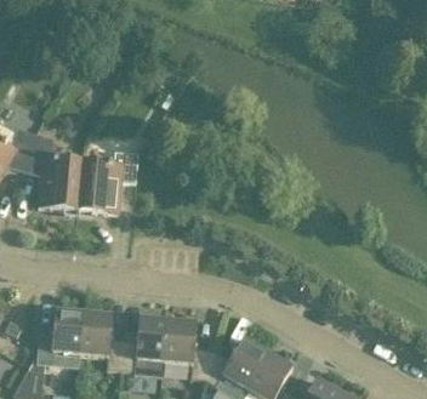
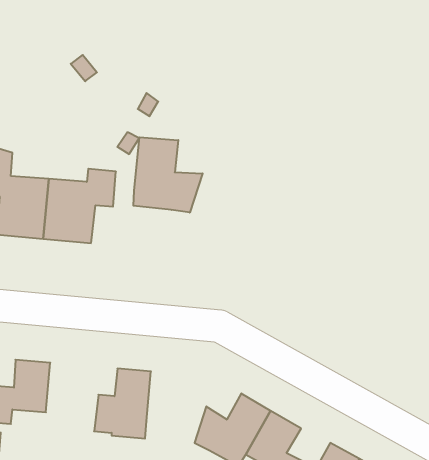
building: none -> [133,137,203,213]
building: [80,312,124,369] -> none
building: [164,319,214,378] -> none

